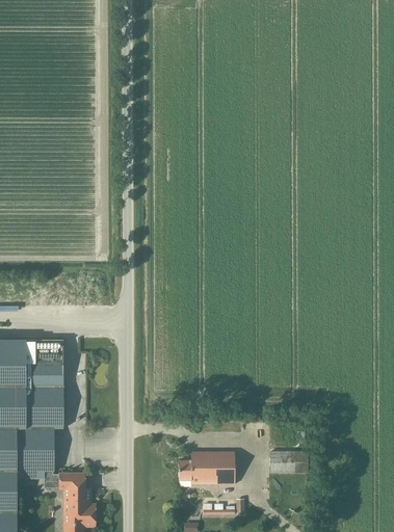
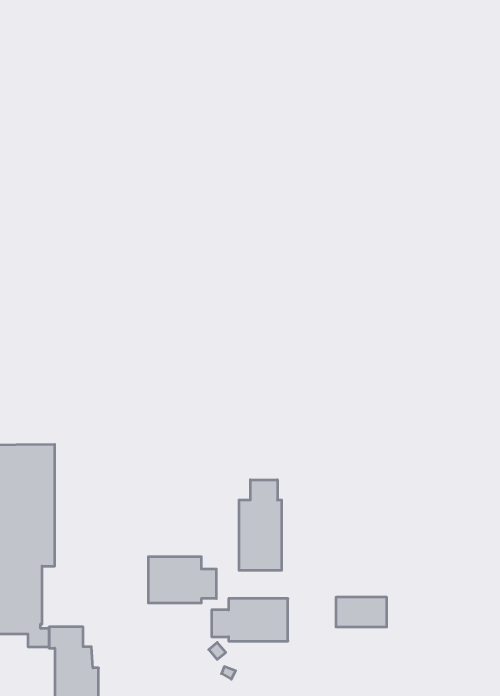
building: none -> [239,480,282,570]
building: none -> [148,557,216,603]

